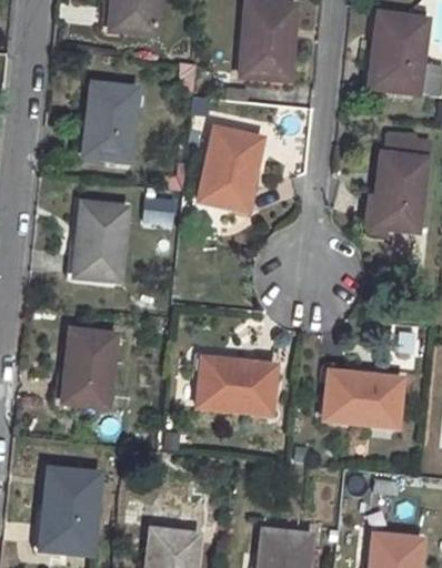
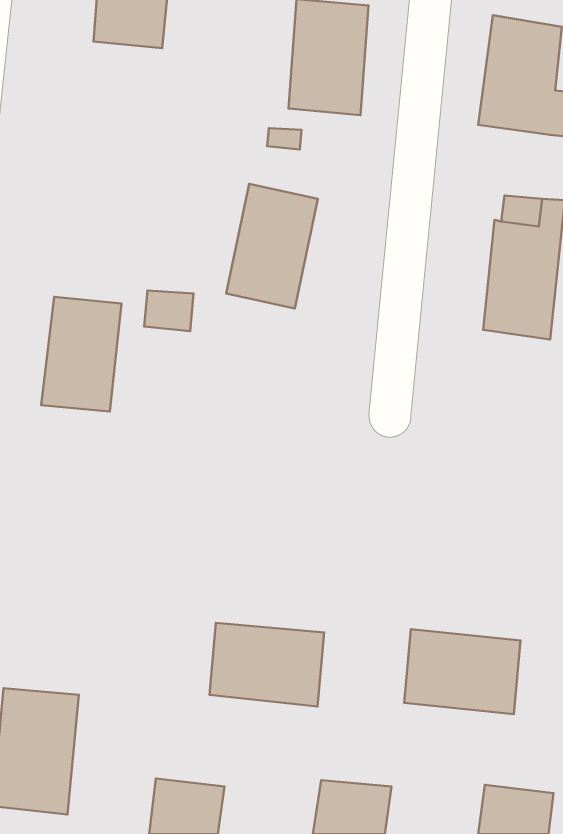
building: [84,82,137,161] -> none
building: [62,329,115,406] -> none
building: [198,357,275,414] -> [209,623,324,706]
building: [323,369,402,427] -> [404,629,520,714]

